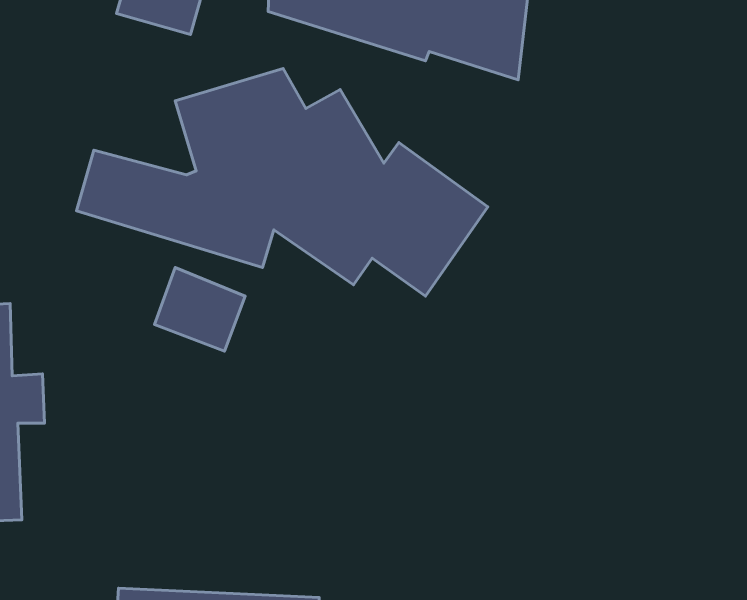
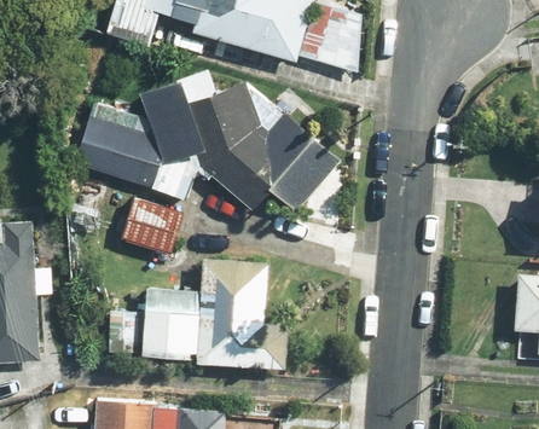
building: none -> [104,259,286,370]

